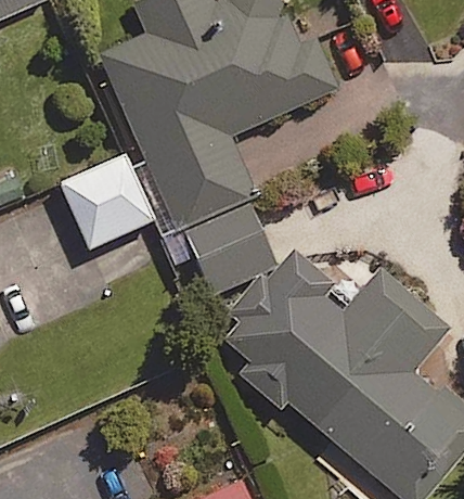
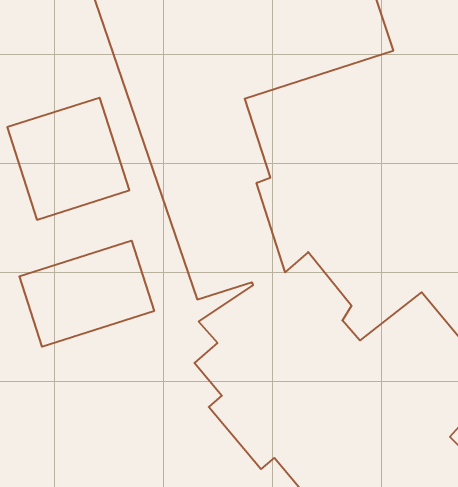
building: none -> [19,241,154,347]

